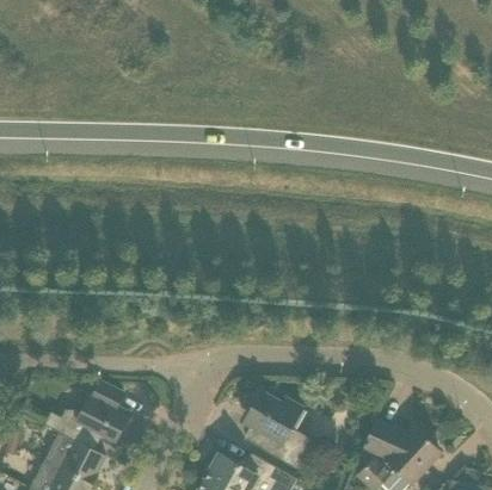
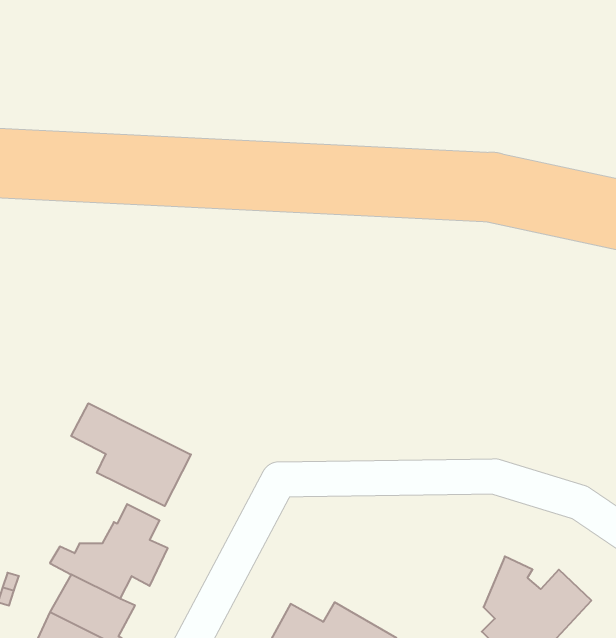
building: none -> [71,403,191,506]
building: [244,391,309,466] -> none

